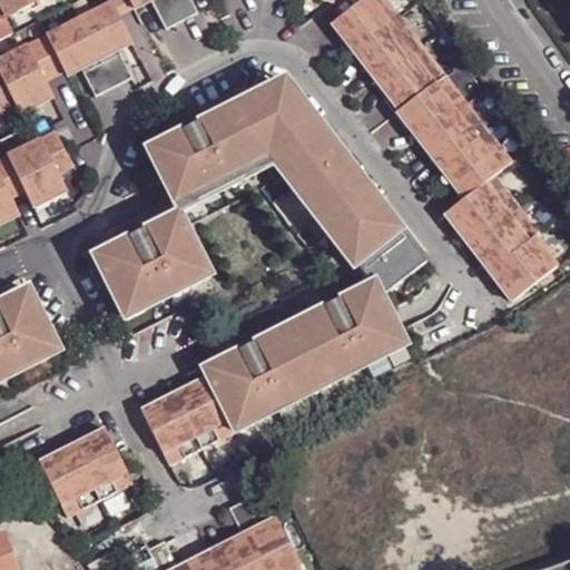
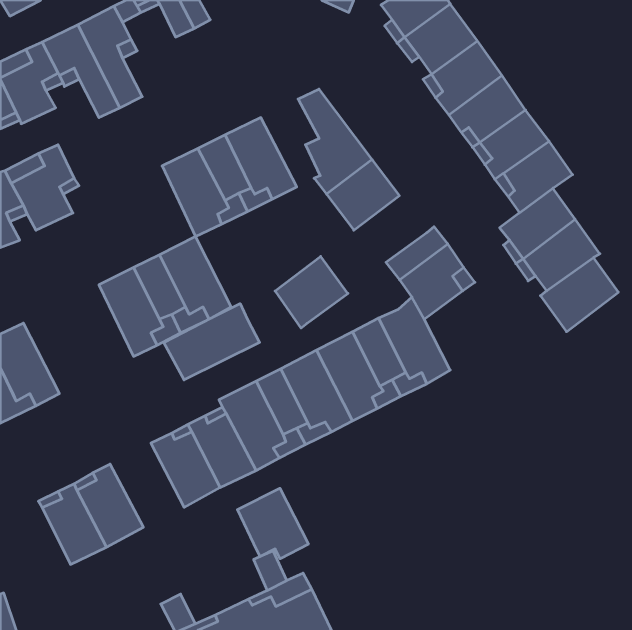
building: [235,91,288,170] -> none
building: [318,178,384,243] -> [275,256,348,328]
building: none -> [164,304,260,380]
building: none -> [237,488,308,559]

